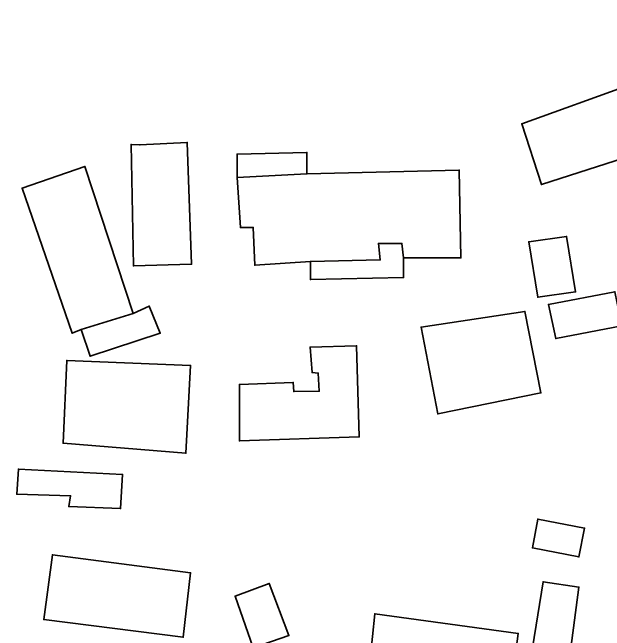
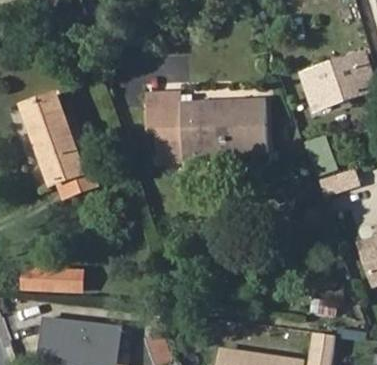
building: [131,142,192,266] -> none
building: [421,311,541,414] -> none
building: [239,346,359,441] -> none
building: [63,361,191,453] -> none

